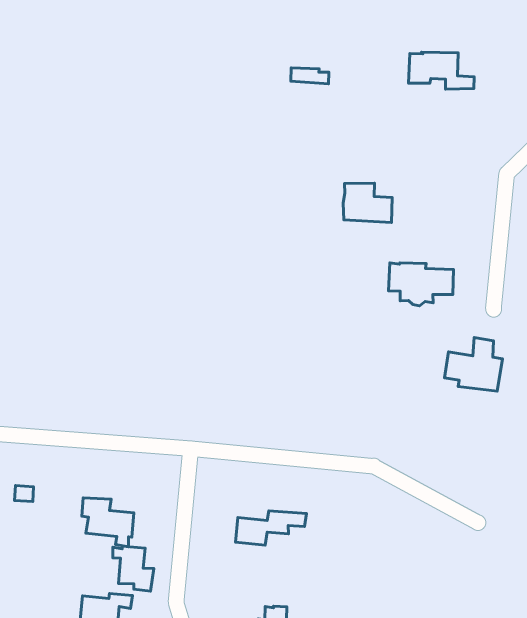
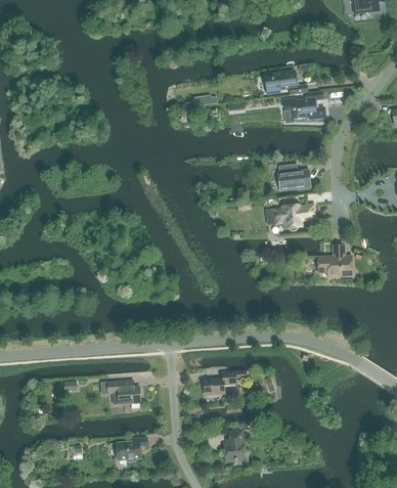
building: none -> [283,92,324,123]
building: [343,183,392,222] -> [277,164,310,189]
building: [113,546,154,591] -> none

